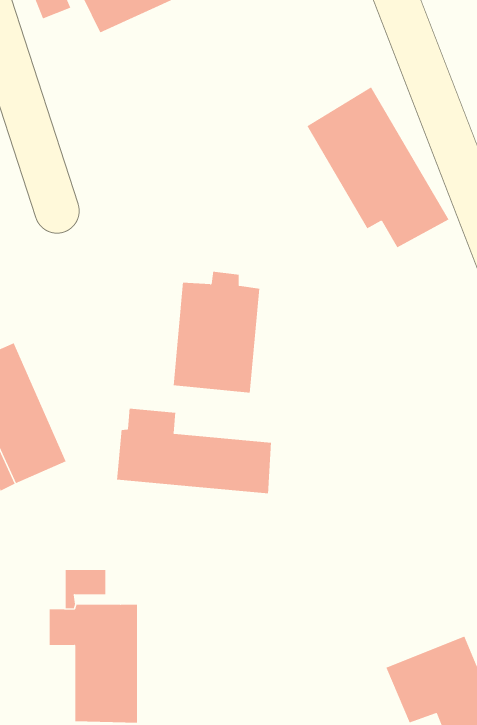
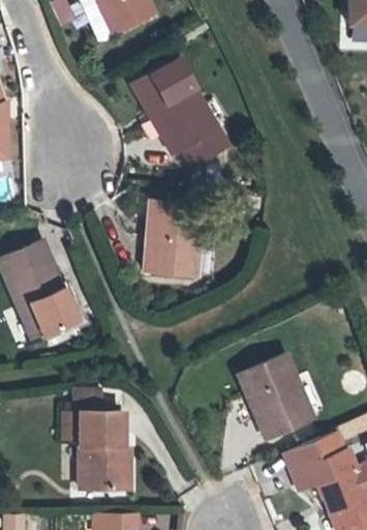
building: [307,86,449,248] -> [133,58,226,164]
building: [116,408,271,494] -> none
building: none -> [240,354,313,437]

